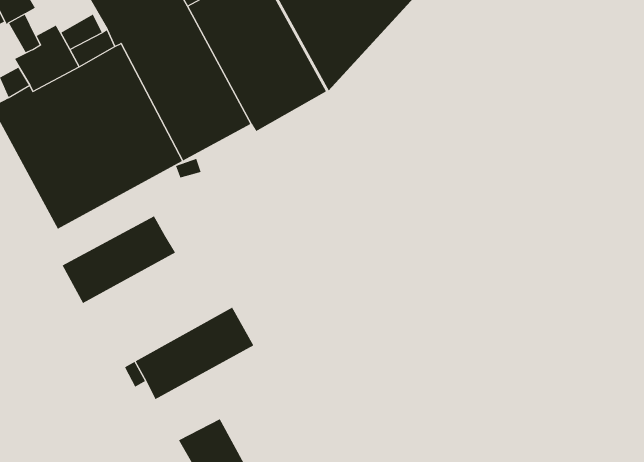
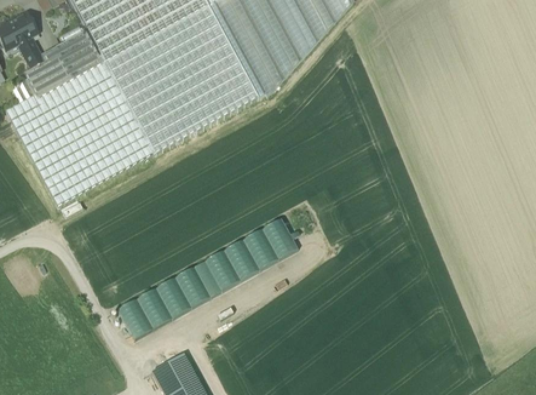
building: [62,215,176,304] -> none
building: none -> [206,217,299,290]

